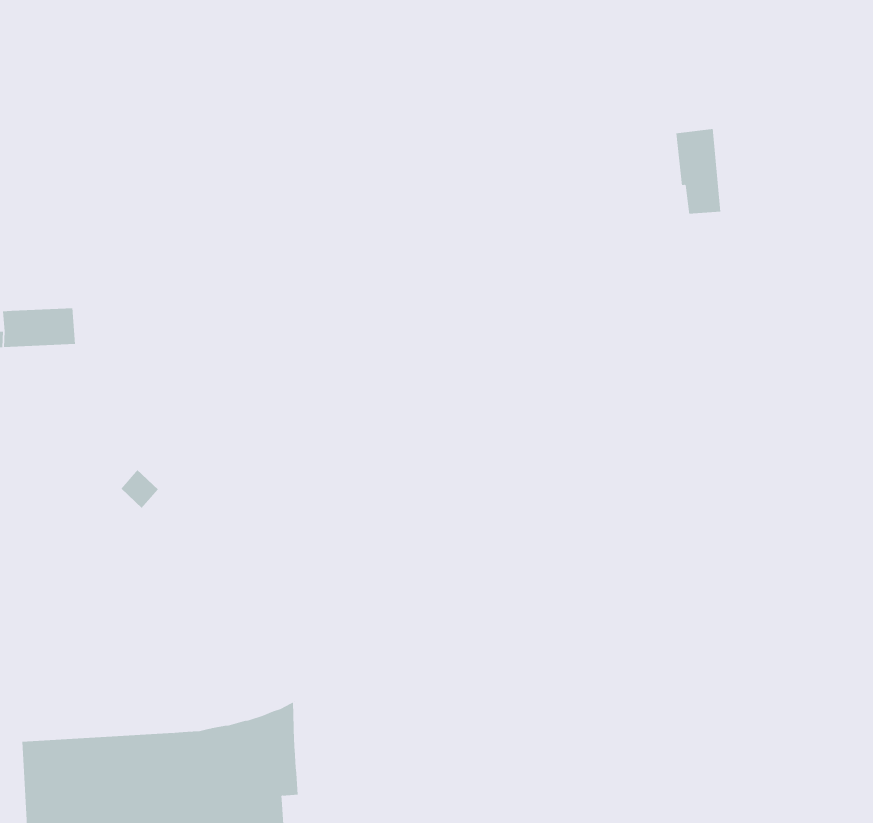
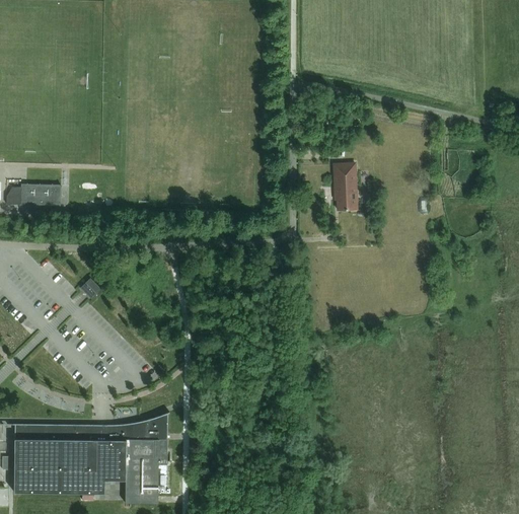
building: [676,129,721,214] -> [335,163,357,210]

